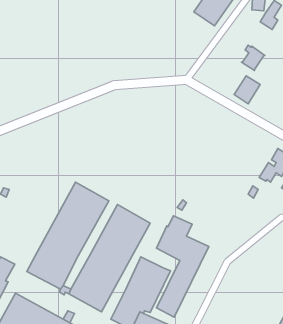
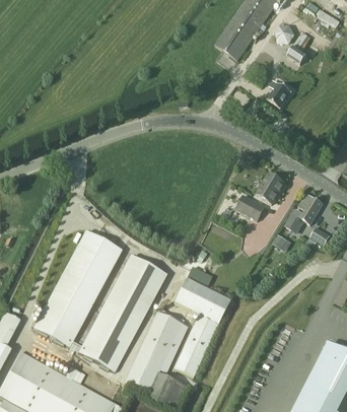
building: [234,76,260,104] -> [256,173,284,203]
building: none -> [235,194,264,219]

